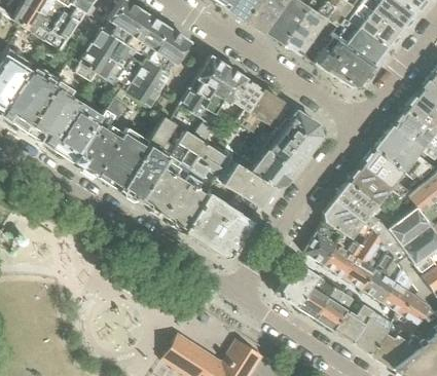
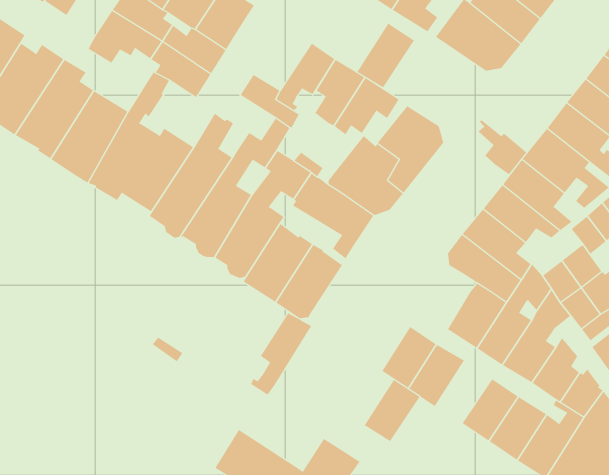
building: [190,54,230,100] -> [357,23,415,88]
building: none -> [478,119,527,175]
building: [305,220,344,264] -> none
building: none -> [245,312,312,395]
building: [316,286,355,329] -> [364,379,420,442]

